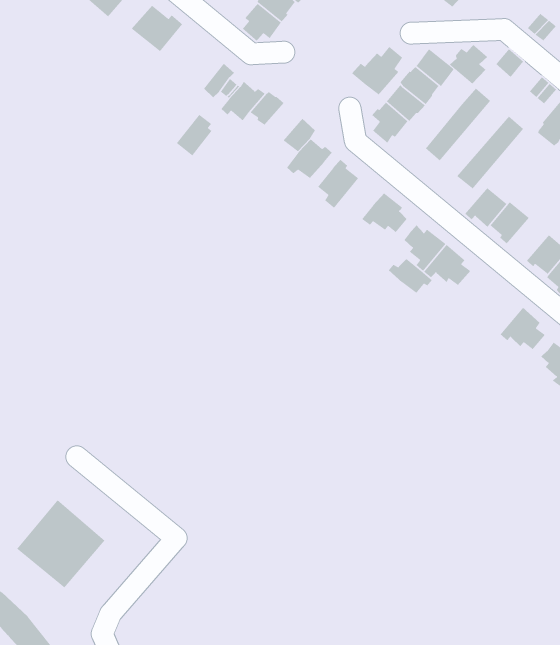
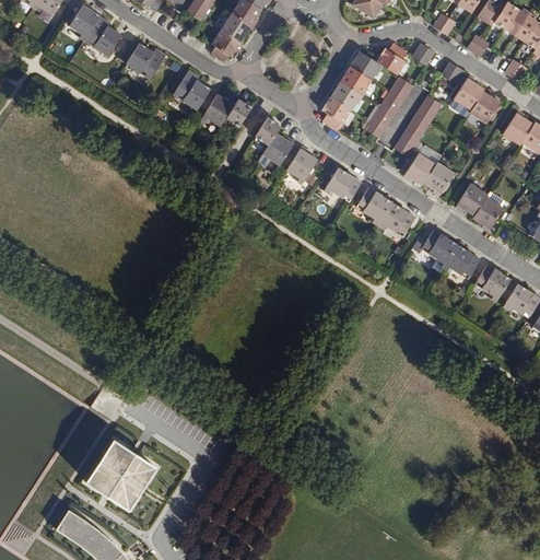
building: [351,46,403,95] -> none
building: [176,114,213,156] -> [173,70,200,104]
building: [388,258,433,294] -> none
building: none -> [423,232,457,267]

